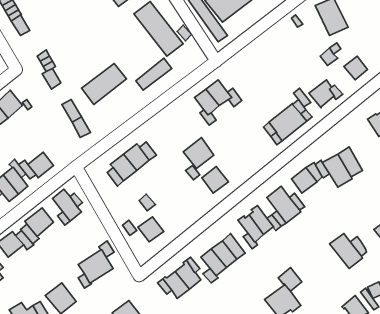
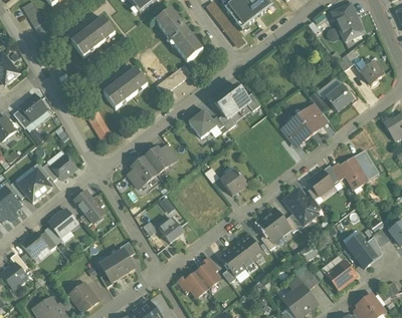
building: none -> [70,16,115,57]
building: [183,137,214,168] -> [187,108,217,138]
building: none -> [327,261,354,288]

